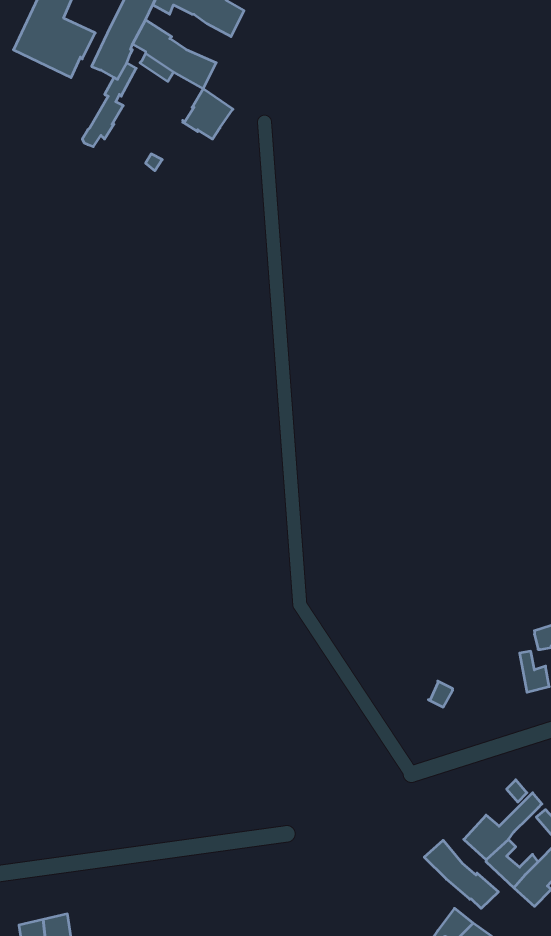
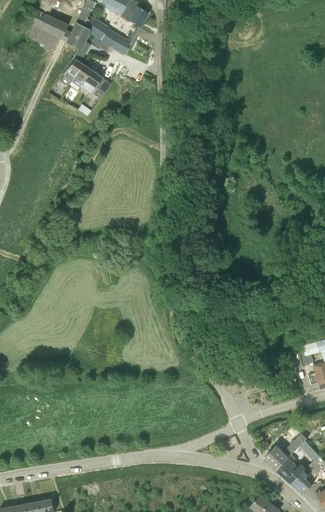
building: [183,89,233,139] -> [71,64,98,91]
building: [424,840,498,908] -> none

